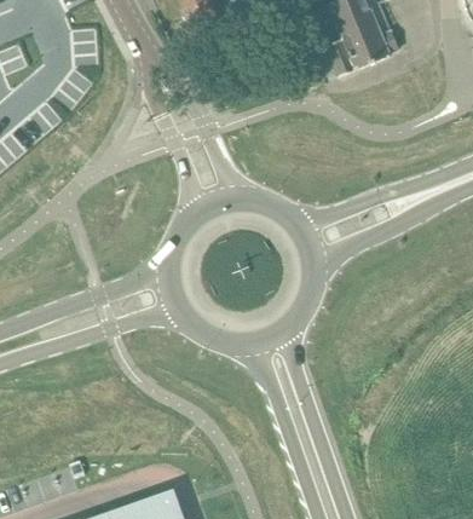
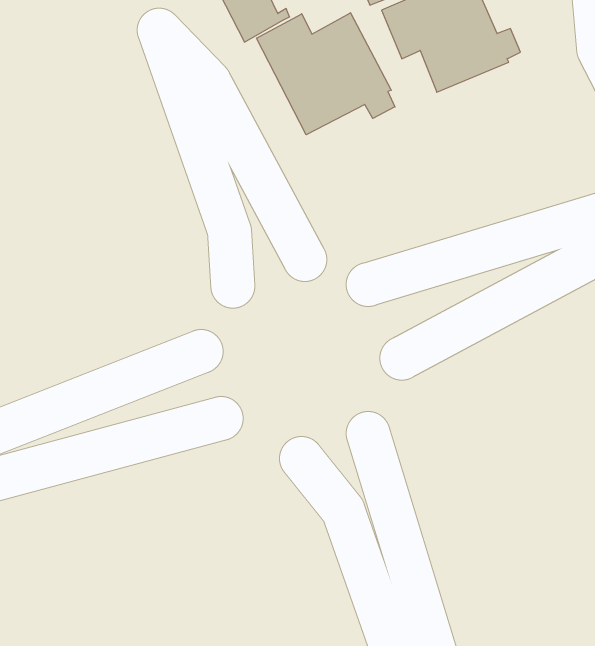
building: none -> [257,13,395,135]

